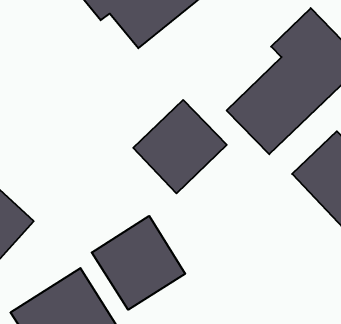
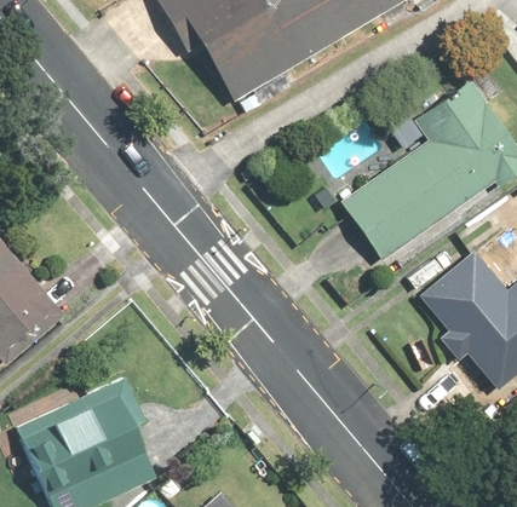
building: [133,100,227,193] -> none
building: [92,216,185,310] -> none

